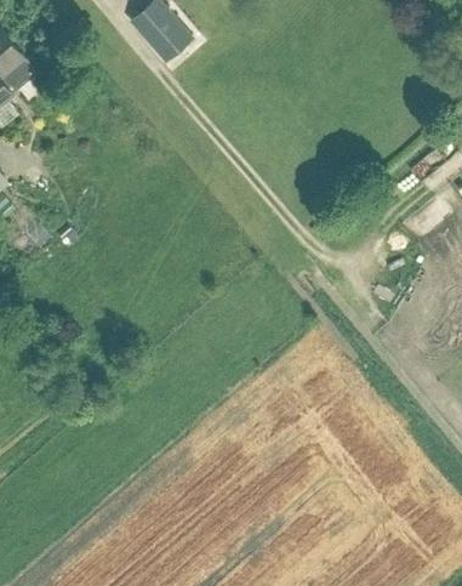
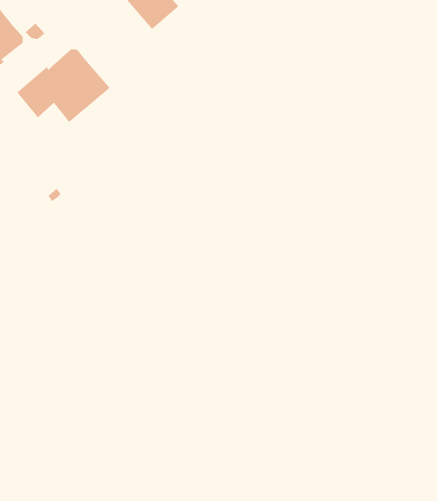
building: none -> [16,49,111,123]

